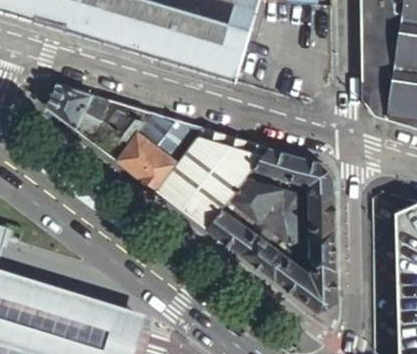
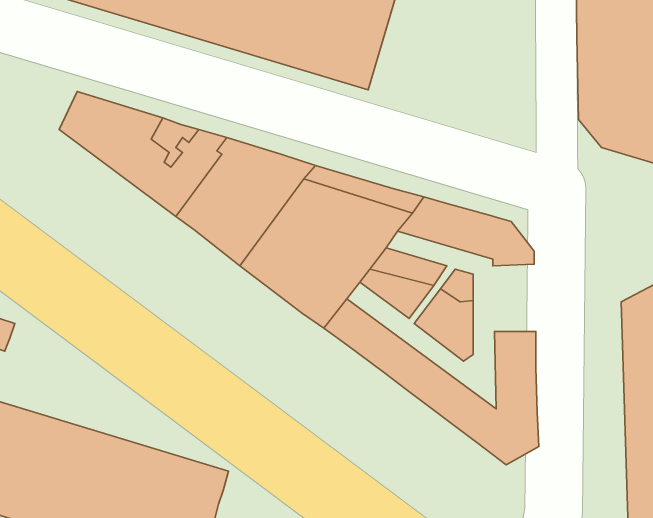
building: [310,188,336,229] -> none

